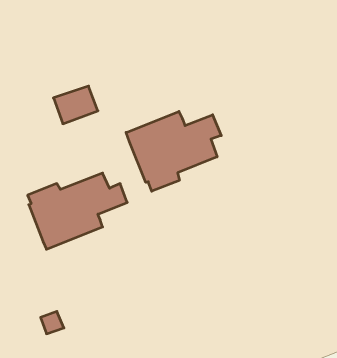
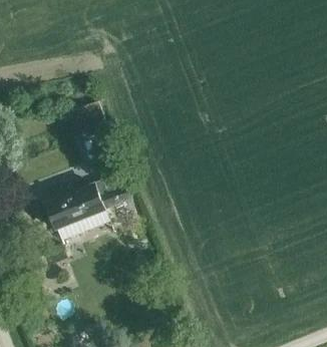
building: [126,111,221,191] -> none

